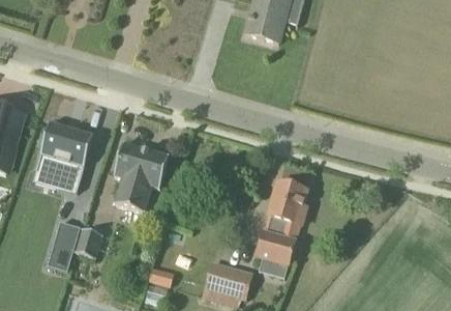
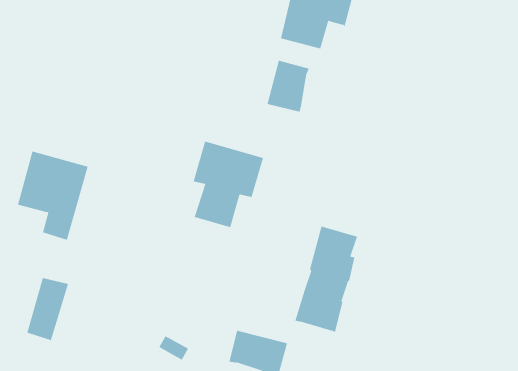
building: none -> [267,60,310,112]
building: [113,142,169,210] -> [193,141,264,228]
building: [73,227,101,257] -> none

